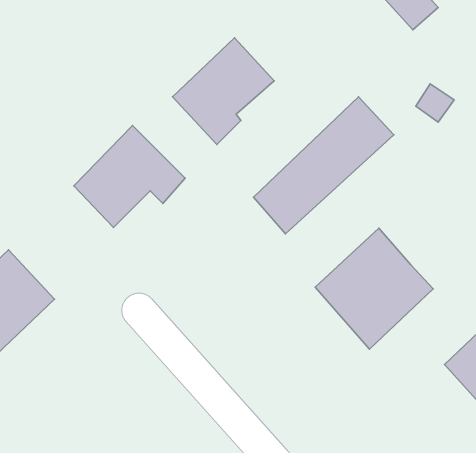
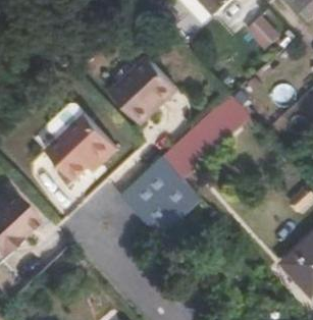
building: [315,228,433,349] -> [123,156,199,233]

